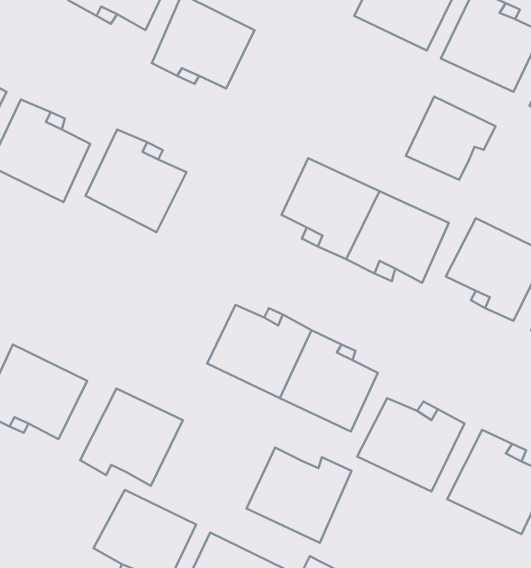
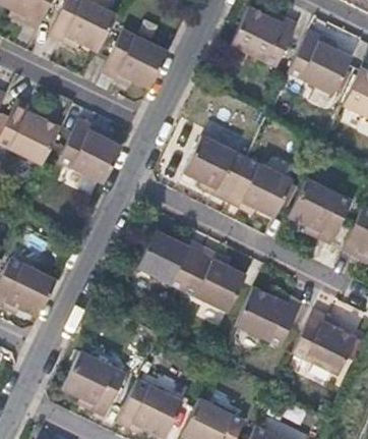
building: [406,96,496,180] -> none
building: [80,389,183,486] -> none
building: [247,447,352,543] -> none

